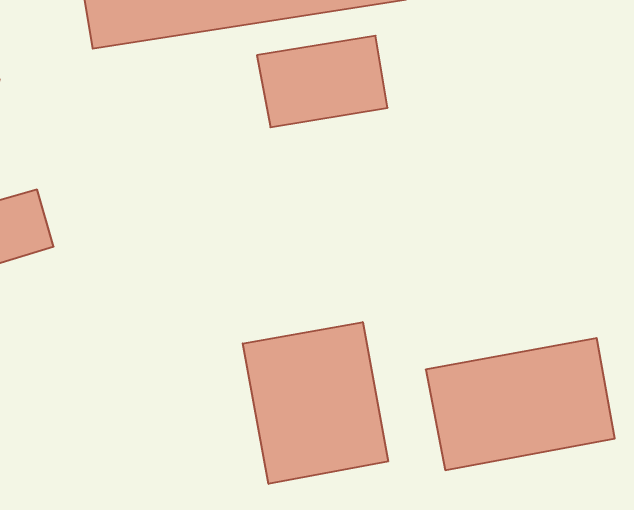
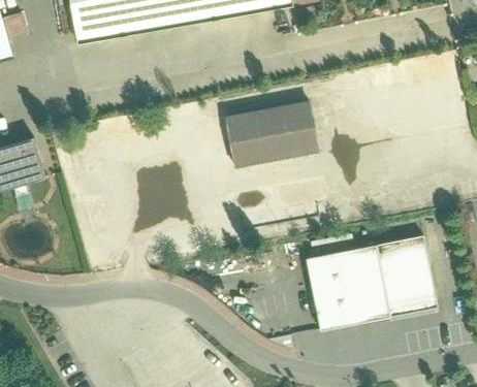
building: [257,36,388,127] -> [229,105,319,168]
building: [243,322,388,484] -> none

